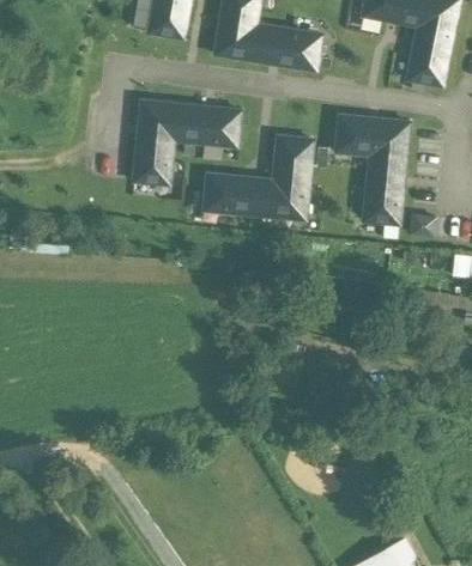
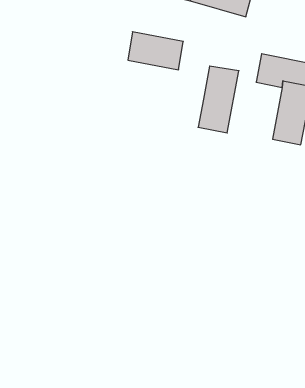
building: [135,99,175,183] -> none
building: [205,174,272,214] -> none

